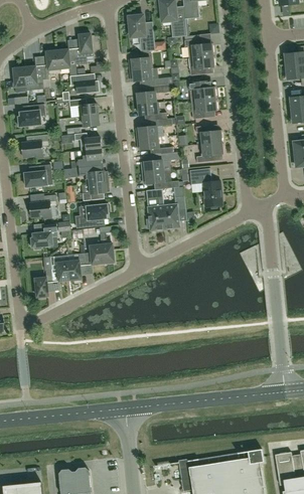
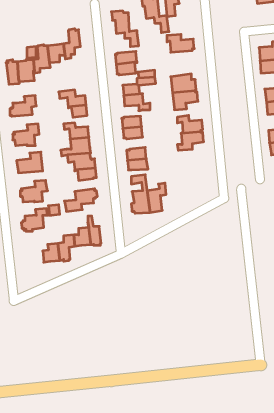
building: [189,55,215,75] -> none
building: [70,73,100,94] -> none
building: [190,167,223,208] -> none
building: [35,257,53,298] -> none

